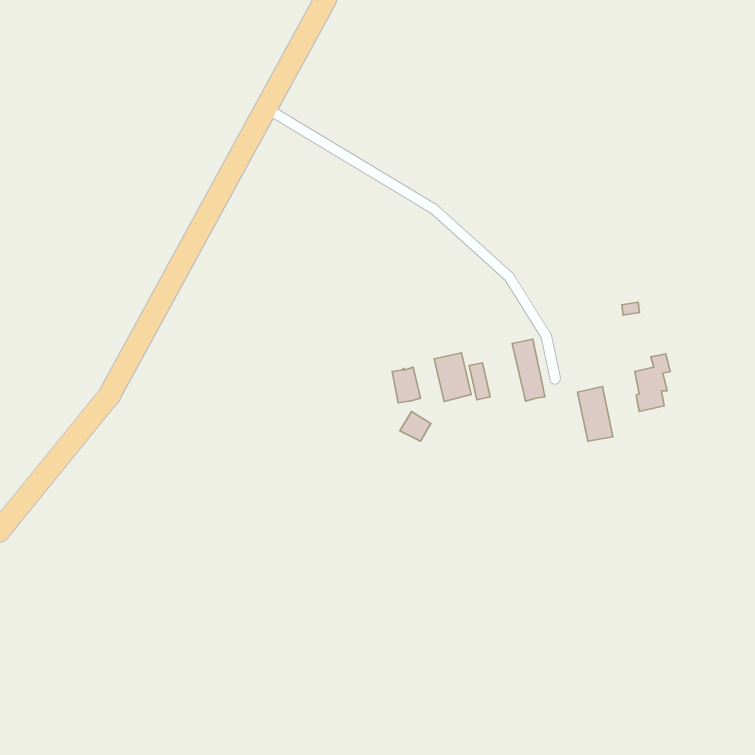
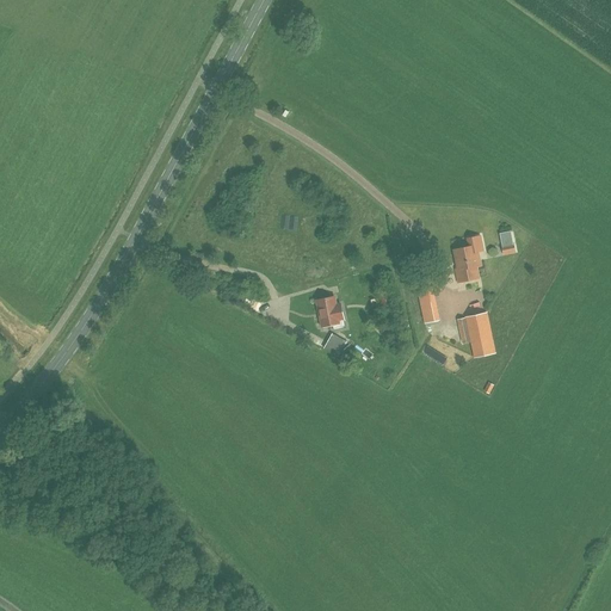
building: [434,353,471,401] -> none
building: [635,354,670,412] -> [453,235,482,282]

